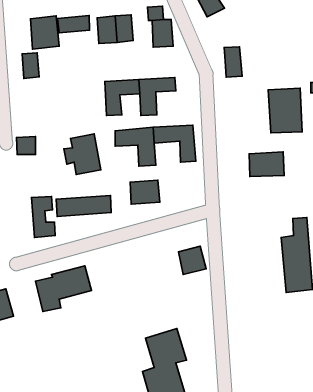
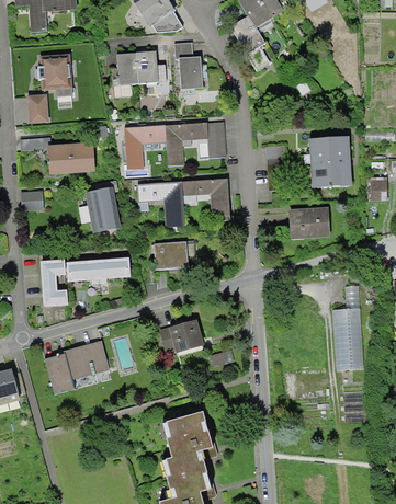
building: [58,16,90,33] -> none
building: [224,47,242,77] -> [205,122,226,157]
building: none -> [52,145,95,173]
building: [178,246,206,275] -> [172,319,204,352]

